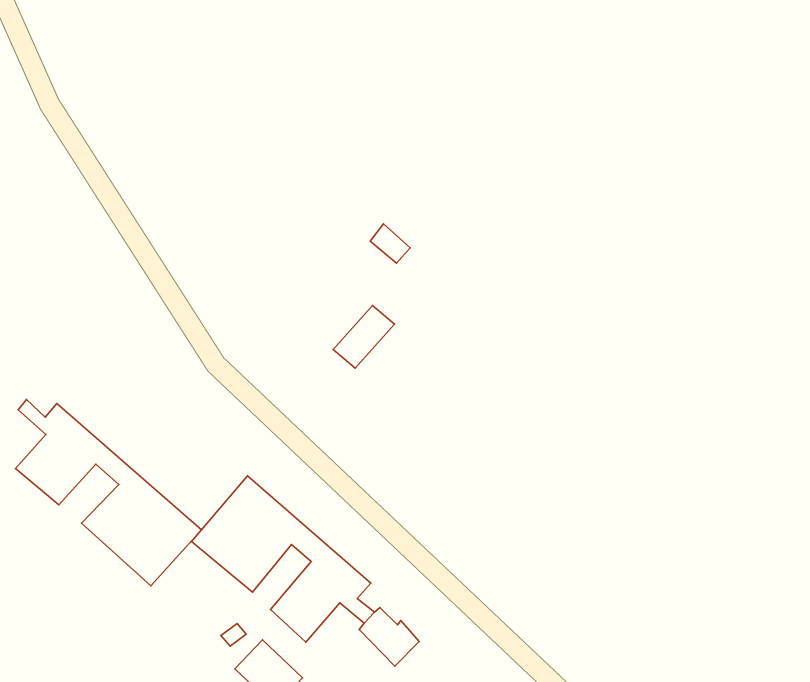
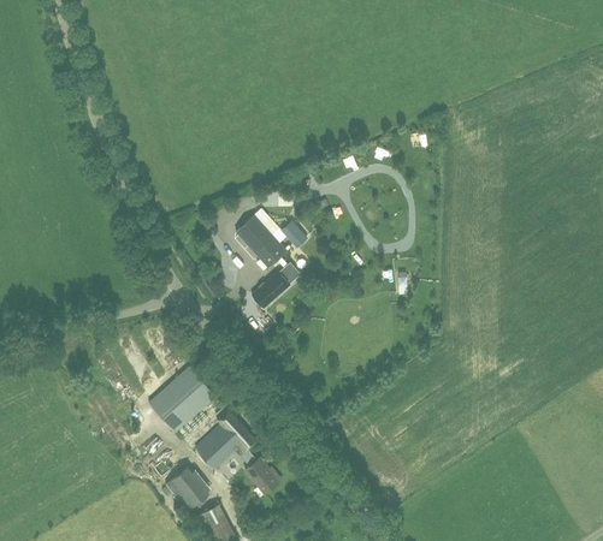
building: none -> [237,215,286,267]
building: [15,399,201,586] -> none

